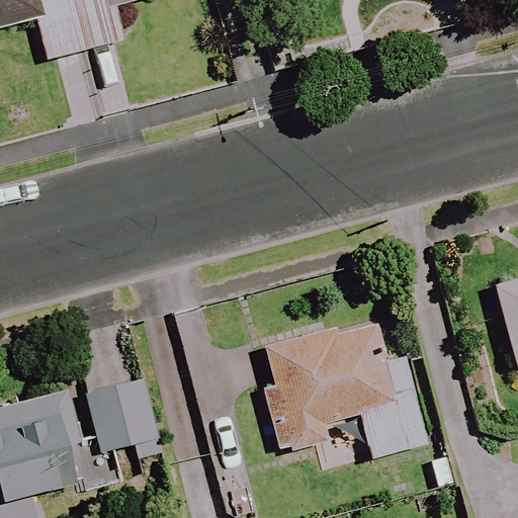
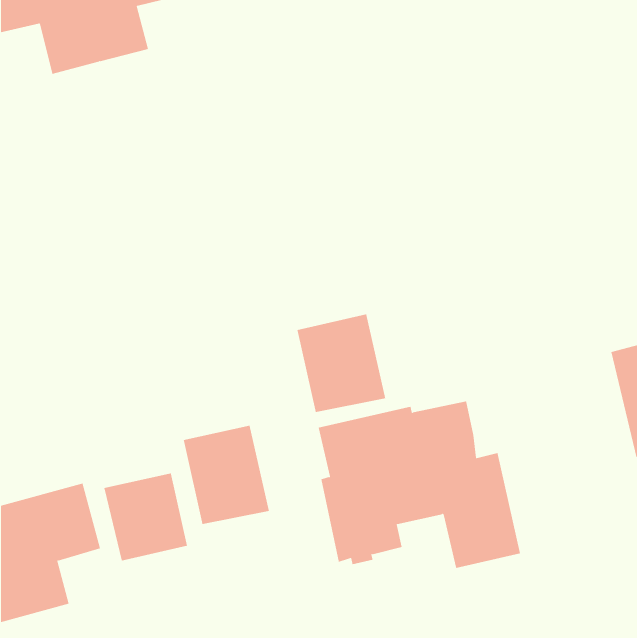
building: none -> [297,314,386,413]
building: none -> [183,425,269,525]

